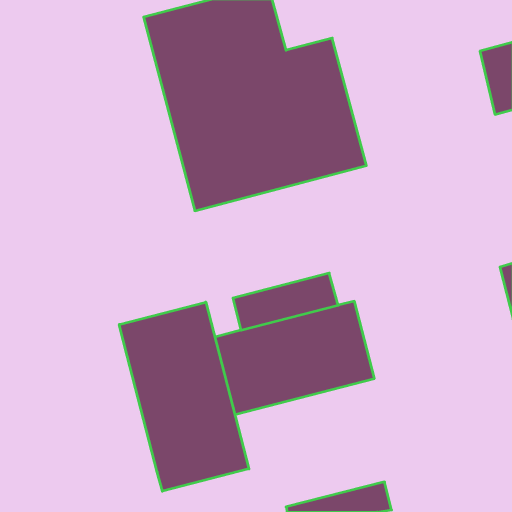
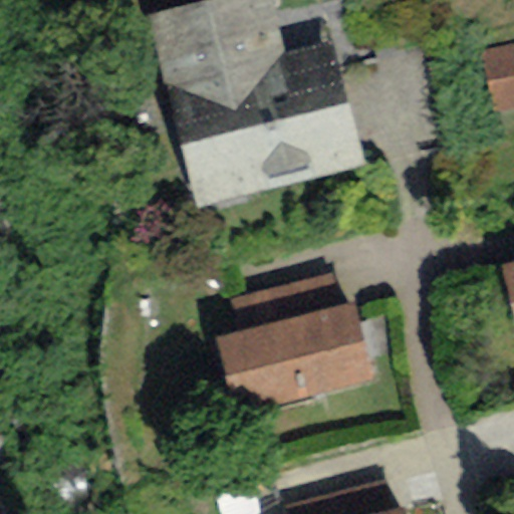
building: [119,302,249,491] -> none

